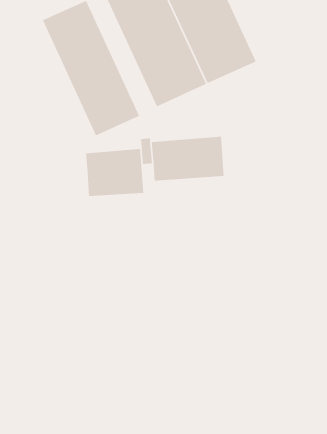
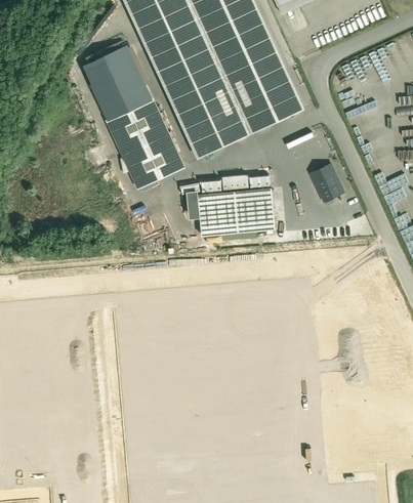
building: none -> [309,163,342,201]
building: [85,148,144,197] -> none

